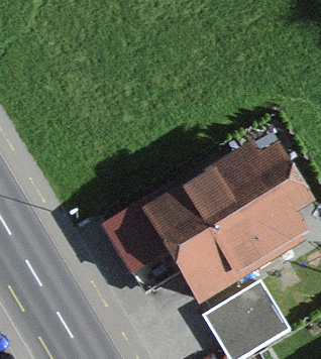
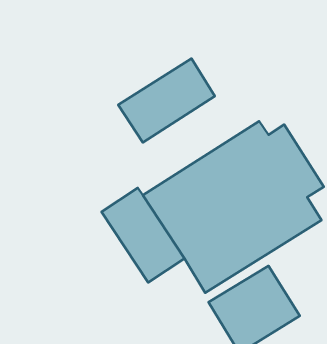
building: none -> [118,58,215,143]

